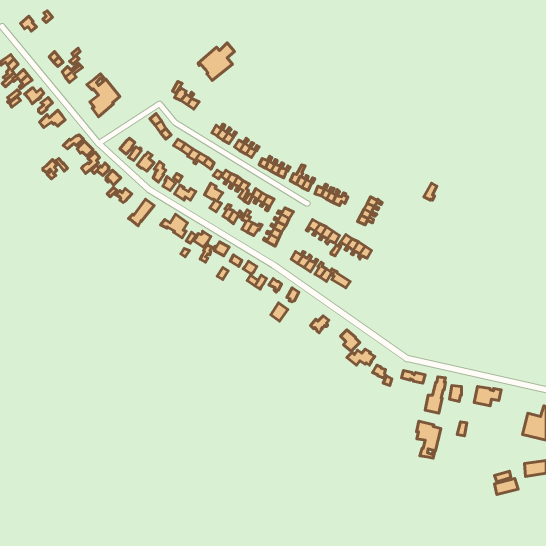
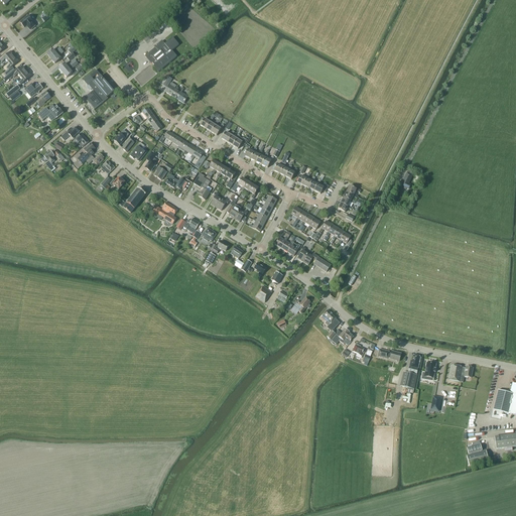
building: [198,43,235,80] -> [144,36,178,72]
building: [417,421,441,458] -> none

